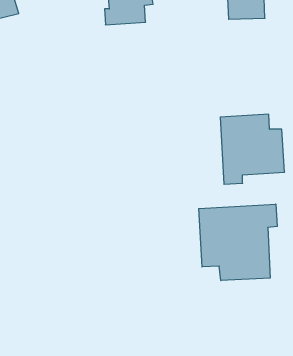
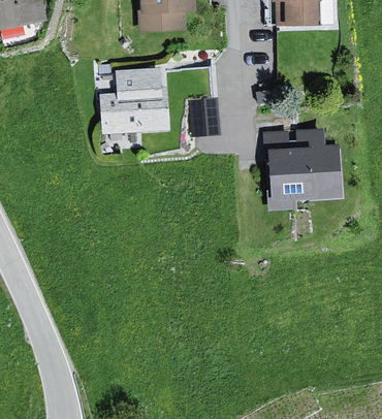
building: none -> [103,68,165,131]
building: [199,204,277,281] -> none

